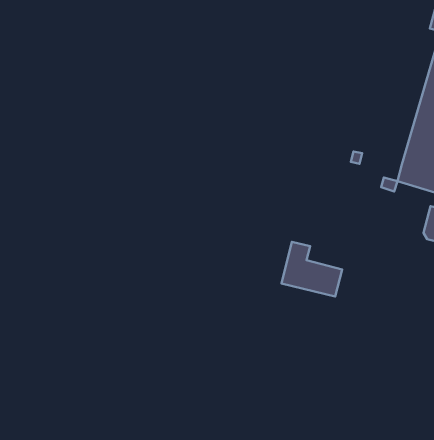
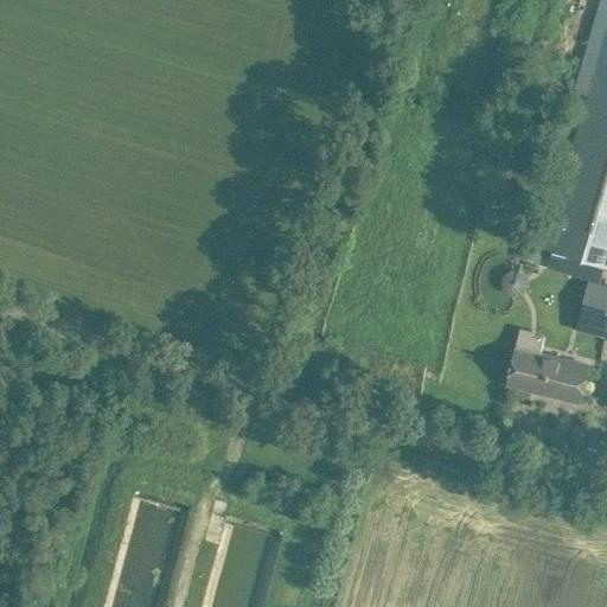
building: [281,242,342,296] -> [518,331,601,405]

